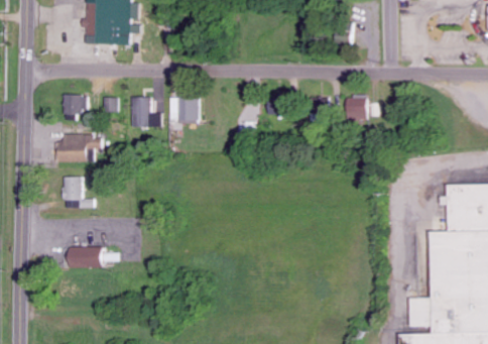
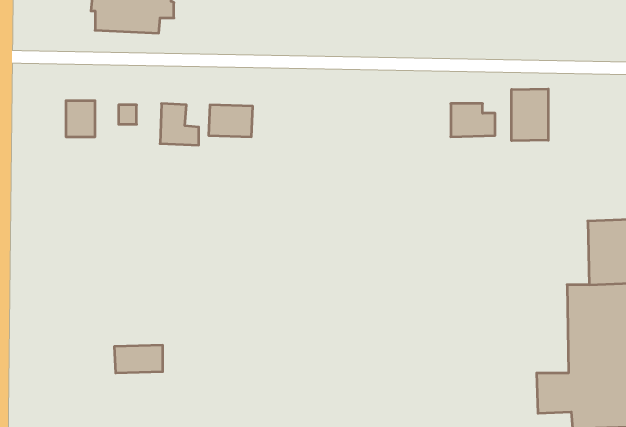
building: none -> [512,89,548,141]
building: [55,136,101,162] -> none
building: [63,178,93,210] -> none
building: [72,248,107,268] -> [114,345,163,373]

